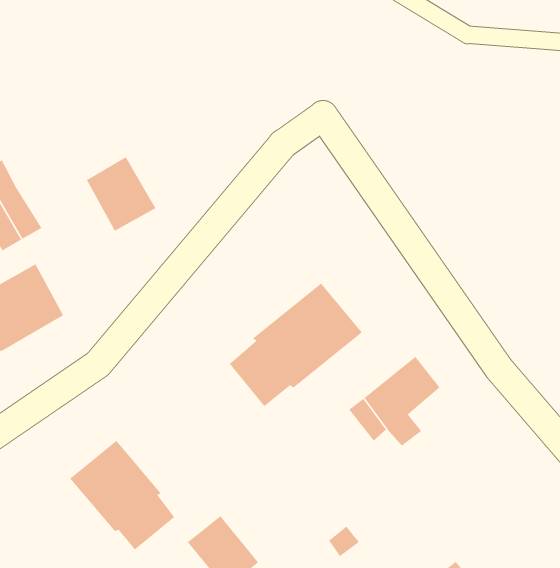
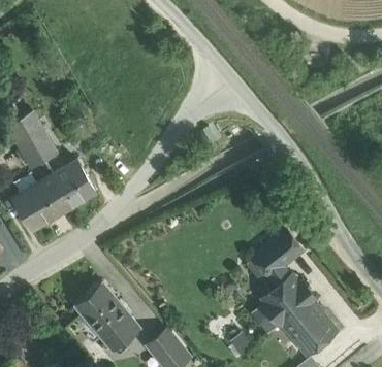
building: [86,156,156,232] -> [54,160,97,206]
building: [229,283,363,407] -> none
building: none -> [263,276,336,354]

